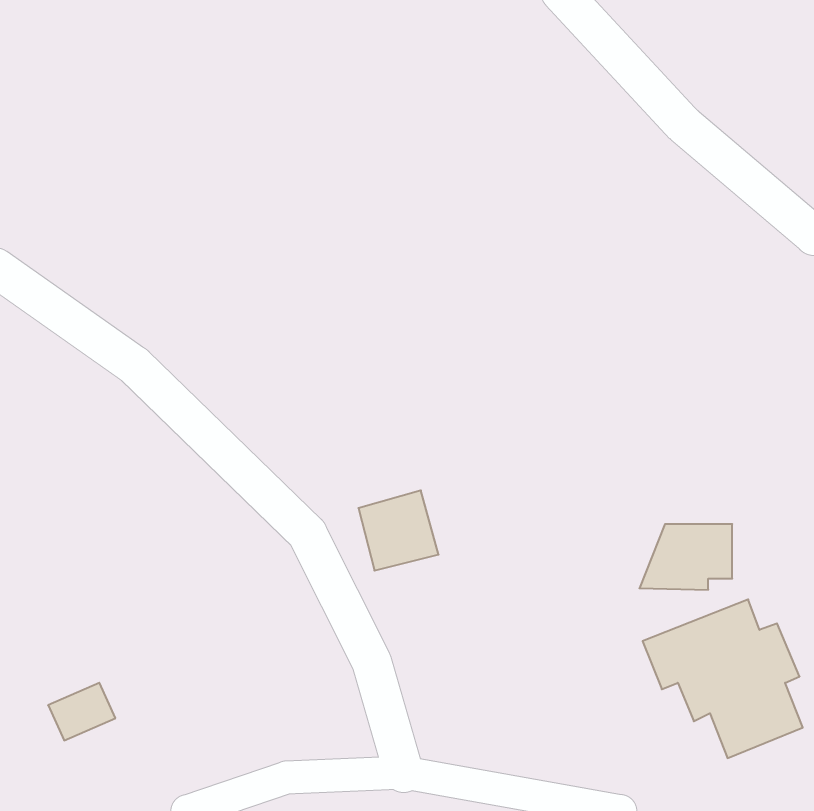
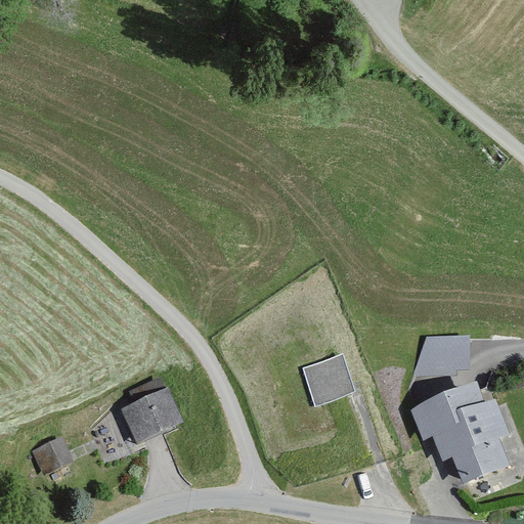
building: [358,490,439,571] -> [301,352,352,403]
building: none -> [121,377,187,443]

